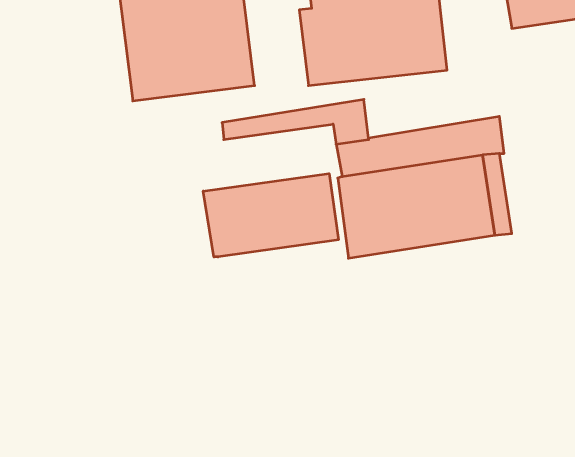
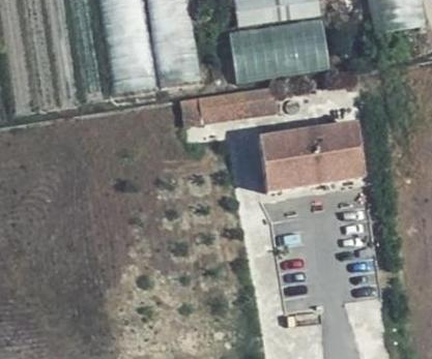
building: [203,174,338,257] -> none

